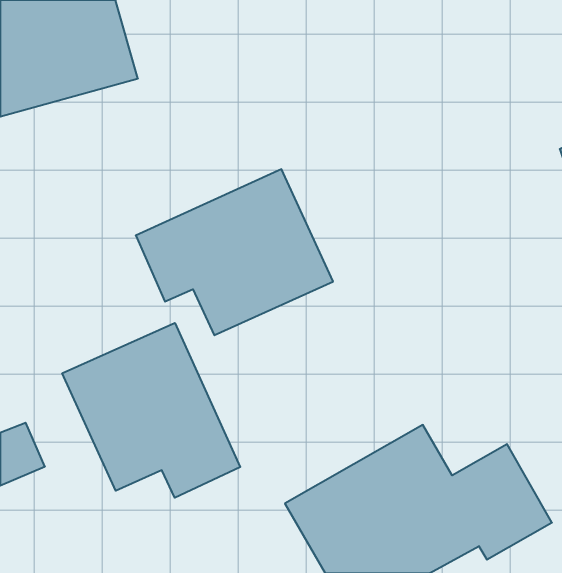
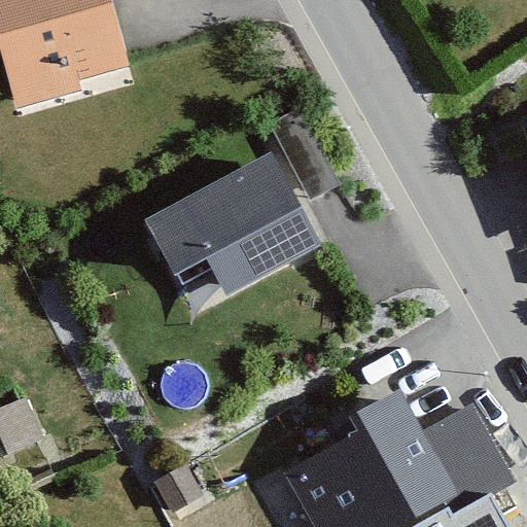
building: [62,323,240,498] -> none

